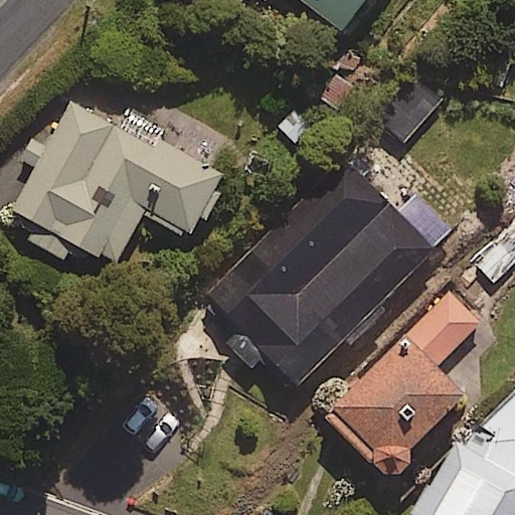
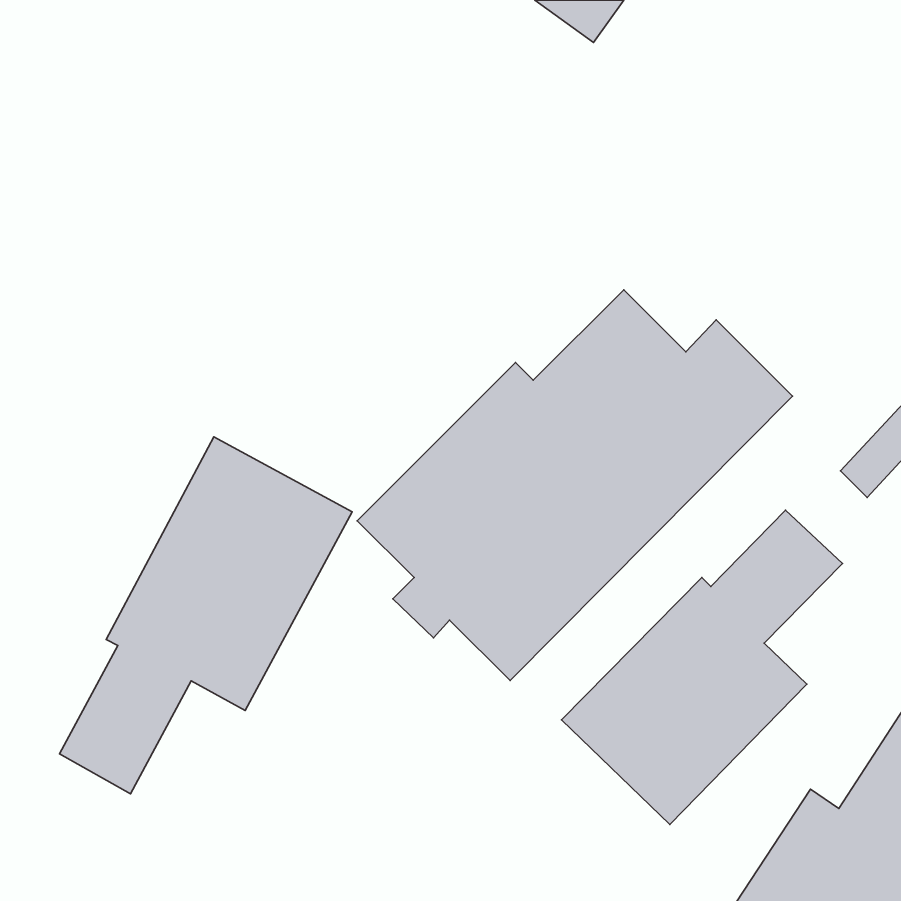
building: [11,91,222,267] -> none
building: none -> [60,437,352,794]

